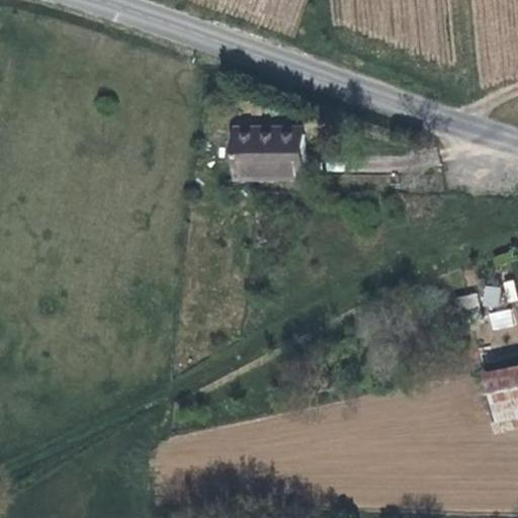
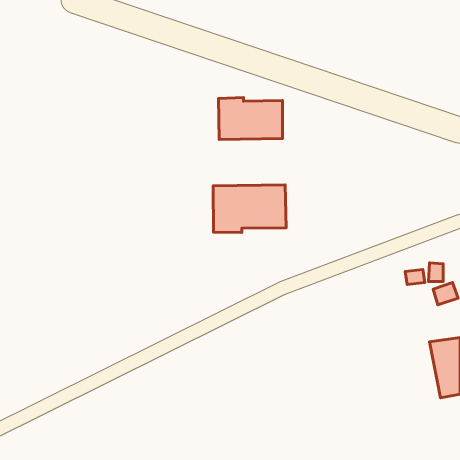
building: none -> [213,185,286,232]

